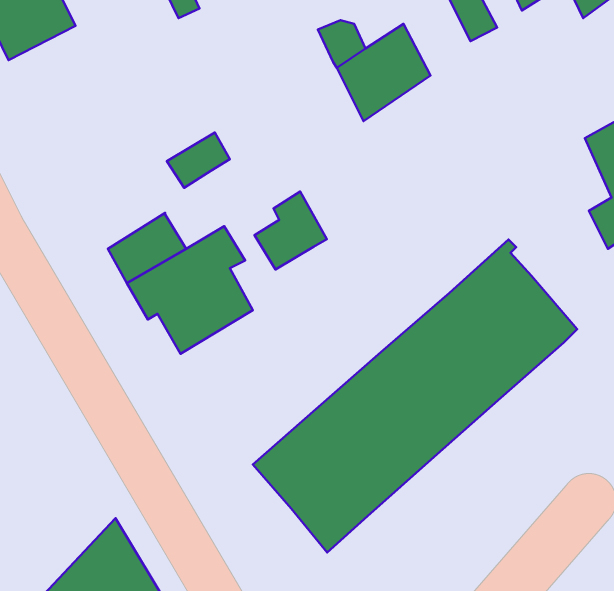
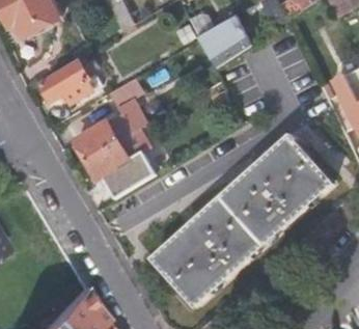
building: none -> [43,62,93,104]
building: [254,191,327,270] -> [109,98,148,140]

